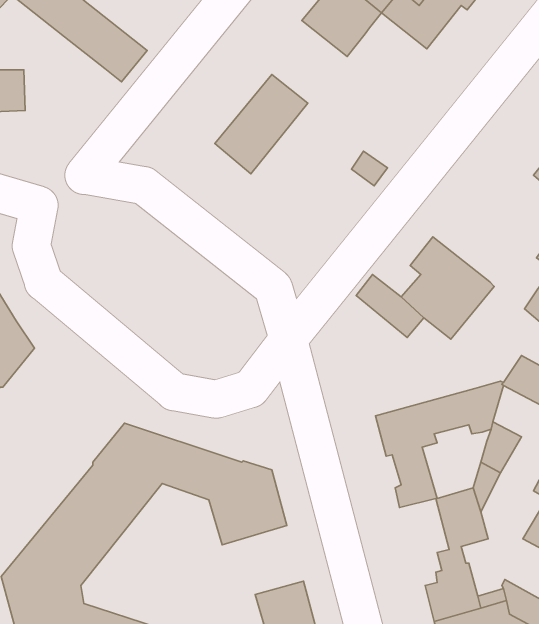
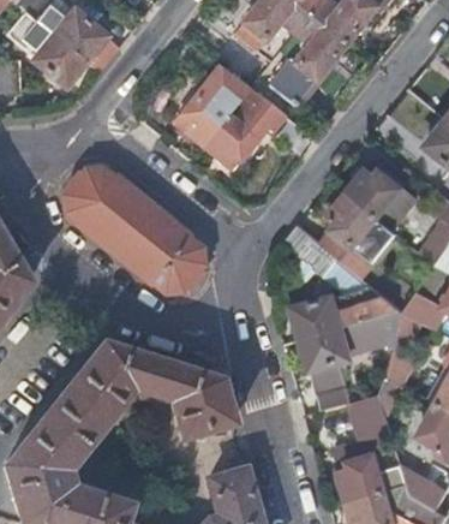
building: none -> [273,14,343,103]
building: none -> [34,34,86,85]
building: none -> [203,87,282,162]
building: none -> [66,168,200,291]
building: none -> [348,171,417,230]
building: none -> [294,285,402,337]

